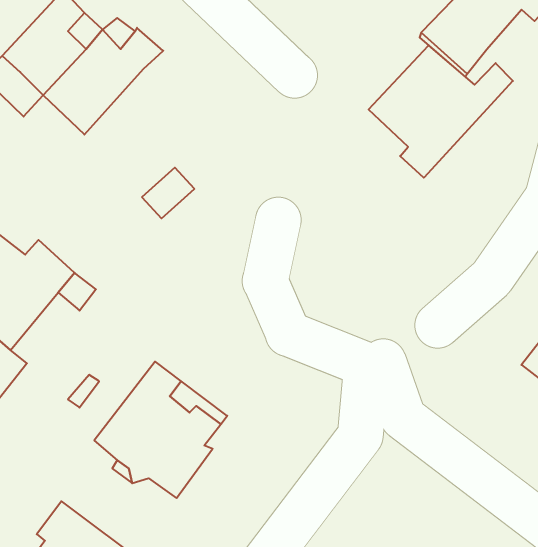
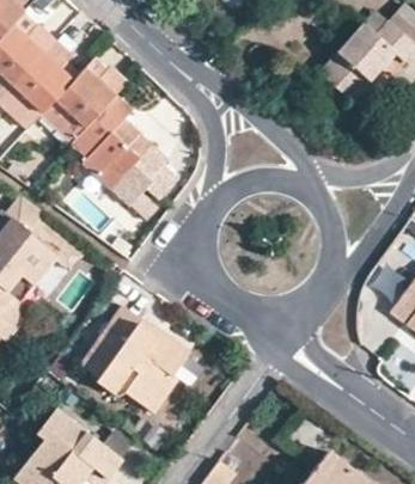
building: [369,45,513,178] -> none
building: none -> [72,96,151,188]

